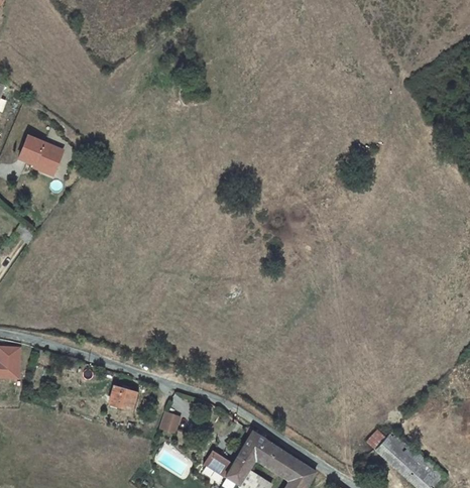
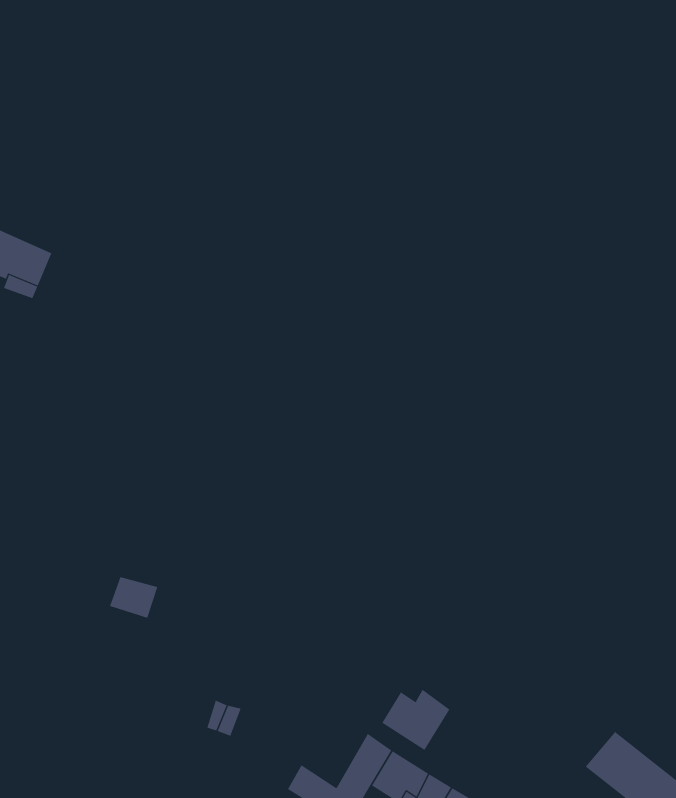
building: [108,382,136,406] -> [109,576,158,618]
building: none -> [381,689,450,751]

